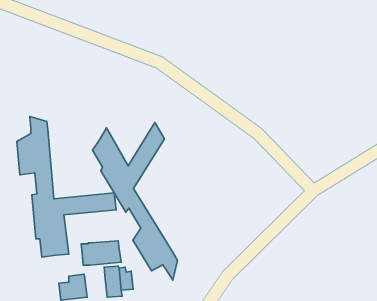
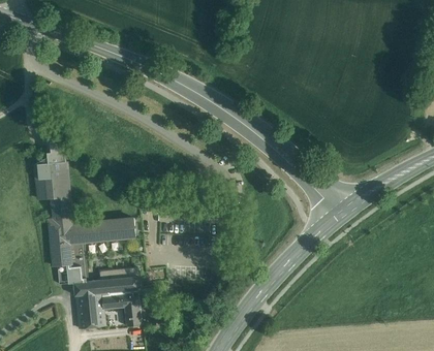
building: [92,122,178,280] -> none
building: none -> [73,281,124,312]

